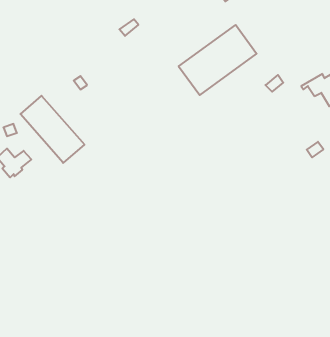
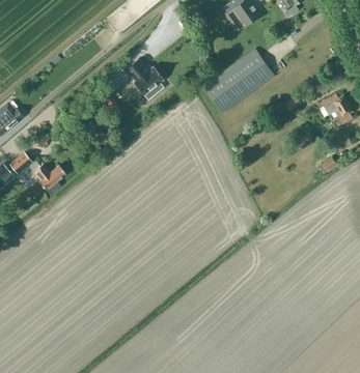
building: none -> [124,59,162,95]
building: [20,96,84,163] -> none

